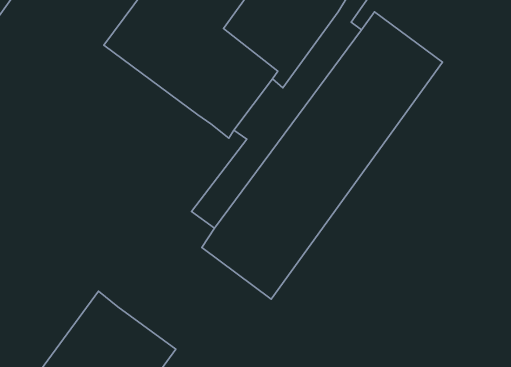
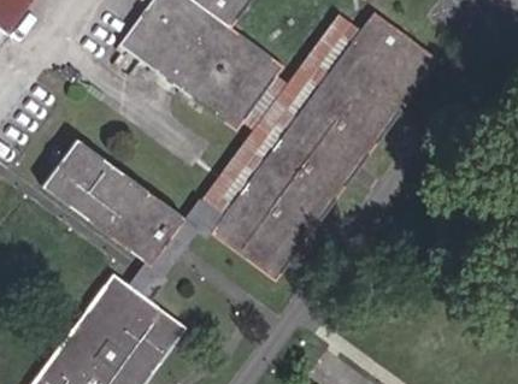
building: none -> [42,140,184,265]

